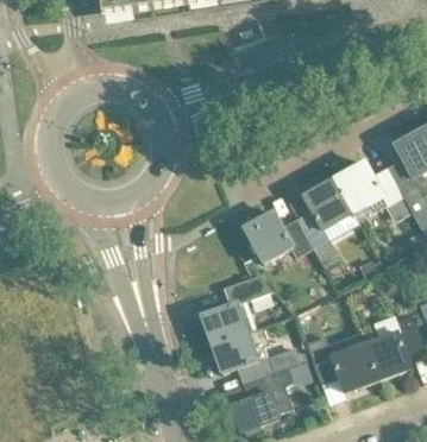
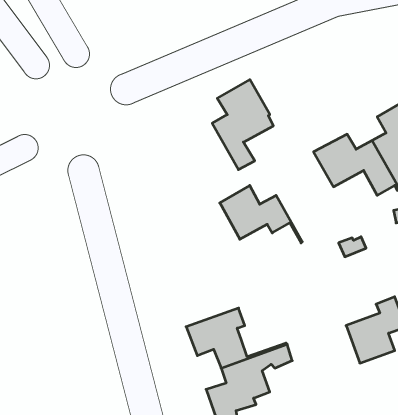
building: [299,177,357,263] -> [212,80,273,170]
building: [202,272,274,343] -> none
building: [312,342,378,390] -> none

